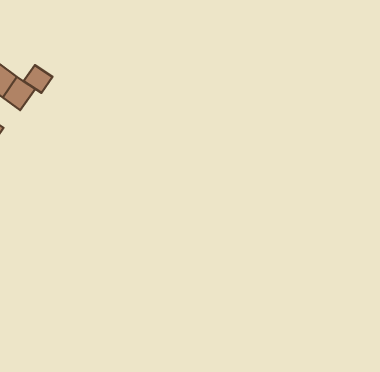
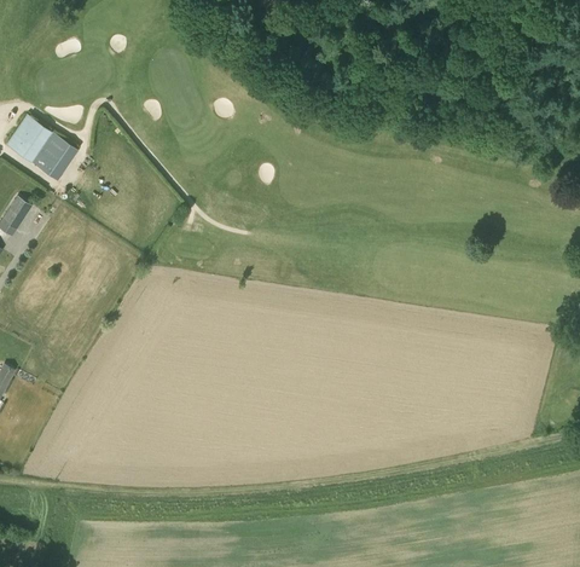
building: [24,65,52,93] -> none

